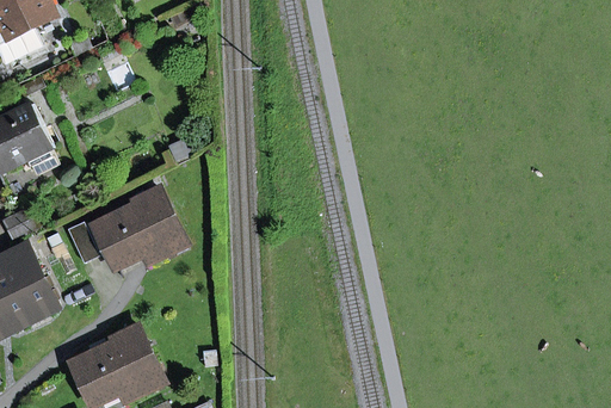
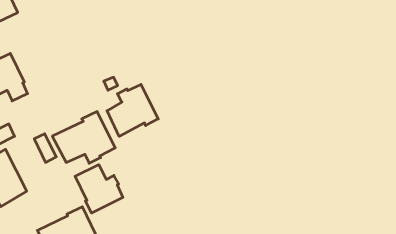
building: none -> [107,84,158,136]
building: none -> [75,165,123,213]

